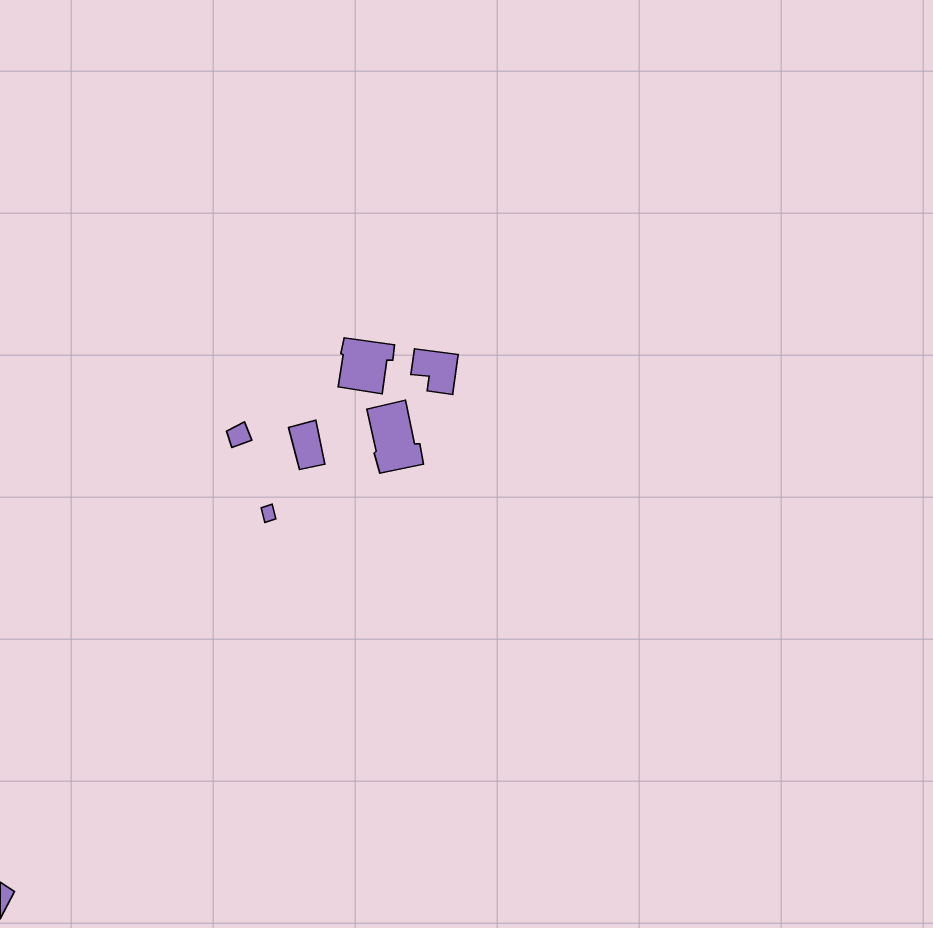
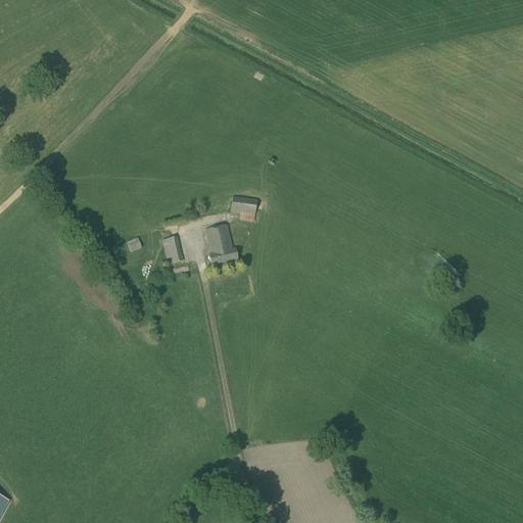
building: [338,338,394,394] -> none

